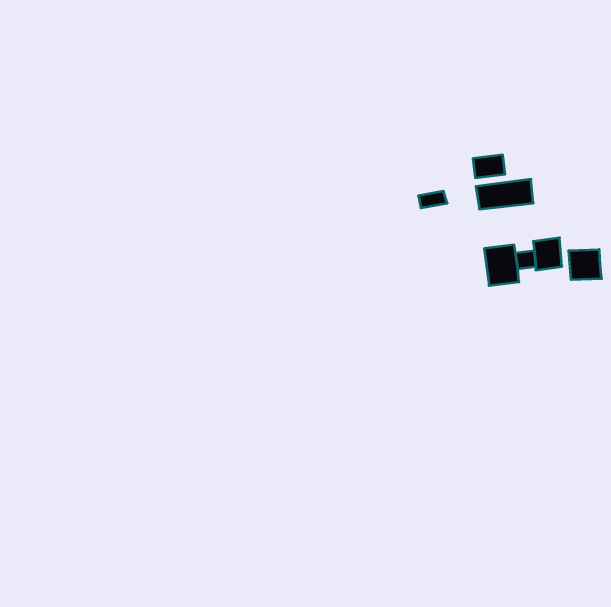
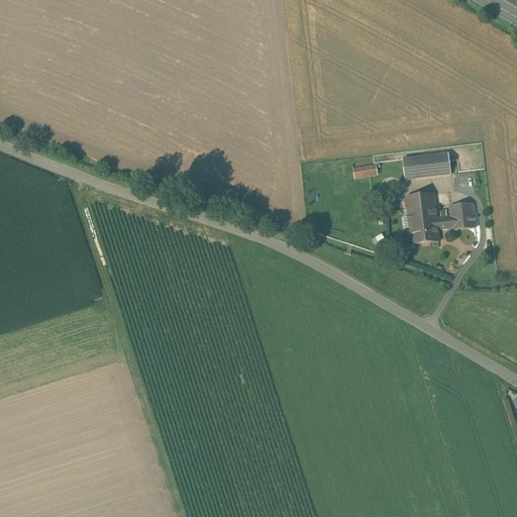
building: [473,155,505,178] -> [407,191,434,210]
building: [569,249,602,280] -> none

